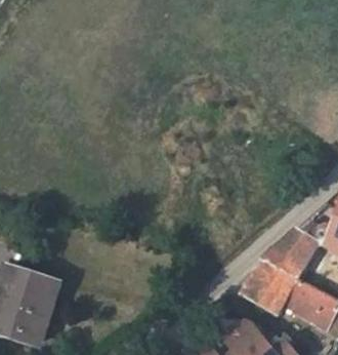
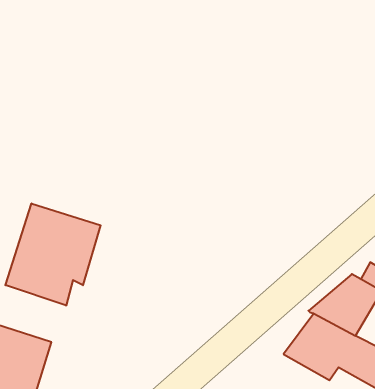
building: none -> [5,203,101,306]

